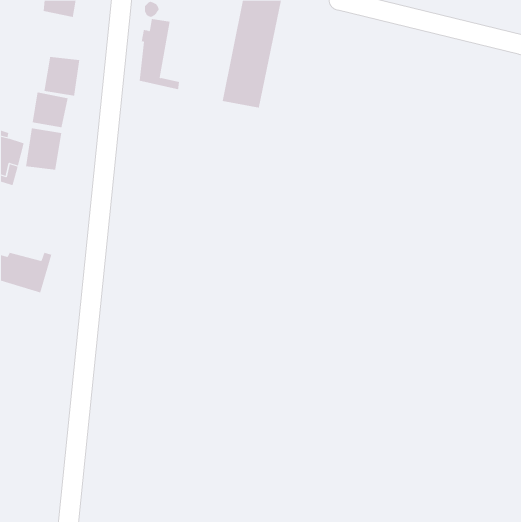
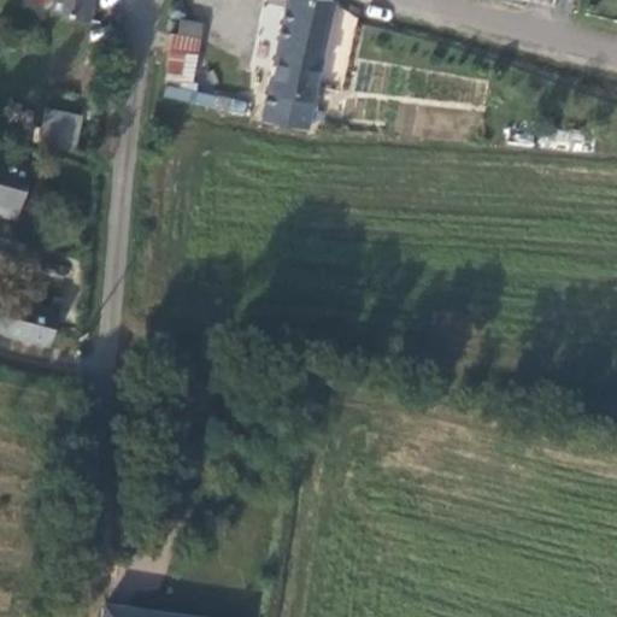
building: [44,56,80,97] -> none
building: [26,127,62,170] -> none

